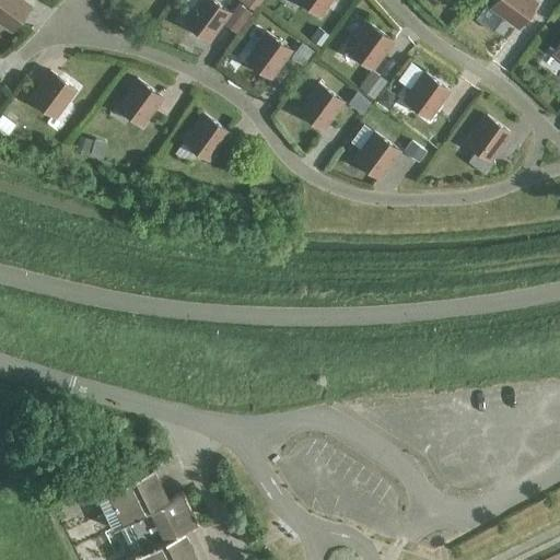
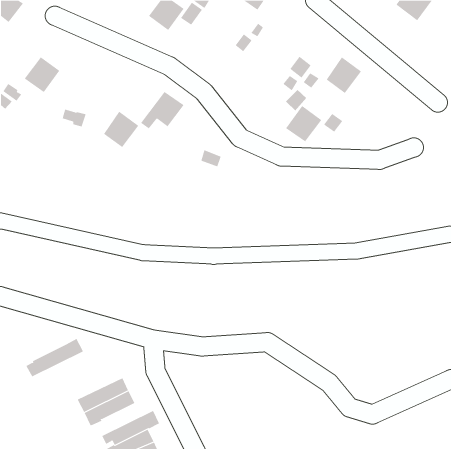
building: [347,24,392,70] -> none
building: [245,34,290,80] -> none
building: [117,80,162,126] -> [103,111,139,148]
building: [298,84,342,130] -> none
building: [465,116,510,176] -> none
building: [118,494,190,542] -> [26,338,84,377]

